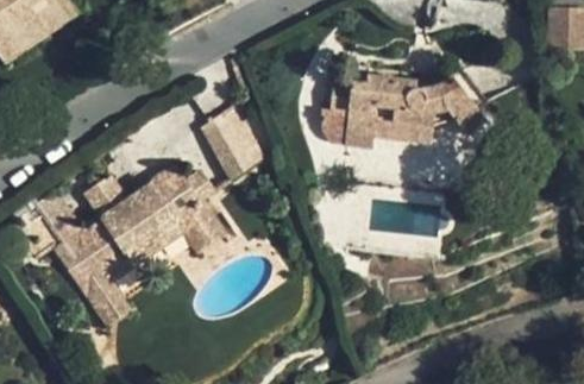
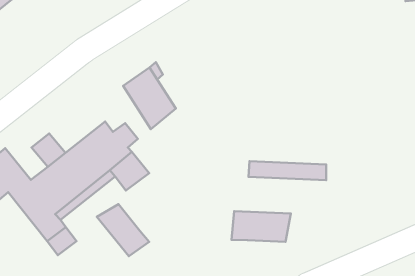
building: [321,74,482,145] -> none
building: none -> [97,204,149,256]
building: none -> [231,211,291,242]

